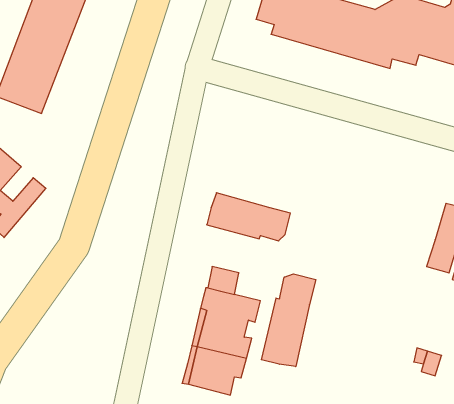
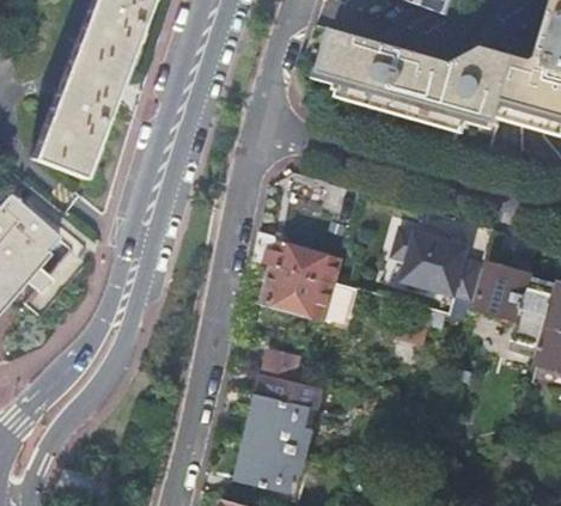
building: none -> [396,227,474,297]
building: none -> [256,231,342,284]
building: none -> [481,264,533,319]
building: [261,274,316,367] -> none

